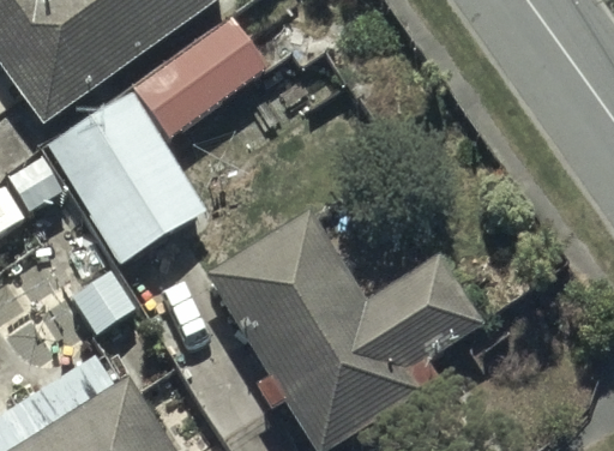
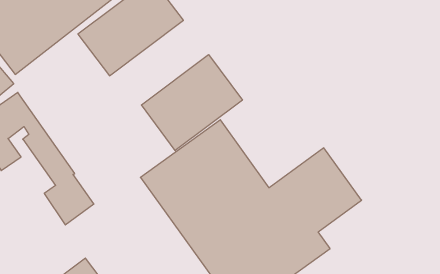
building: [47,94,203,264] -> none
building: none -> [141,55,242,151]

